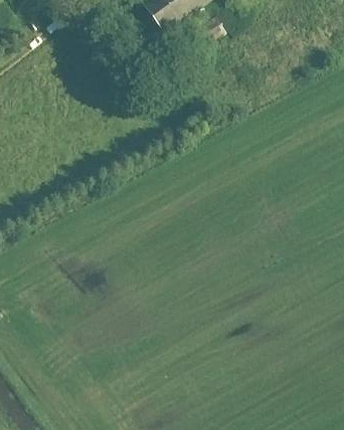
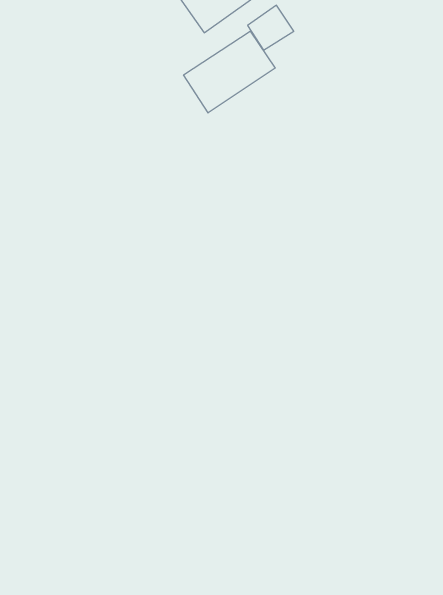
building: none -> [184,31,275,113]

